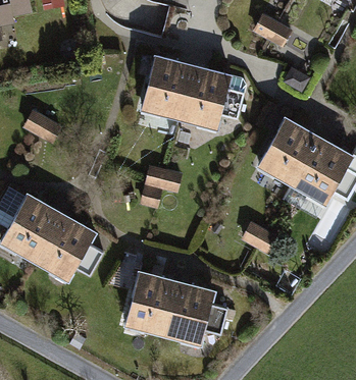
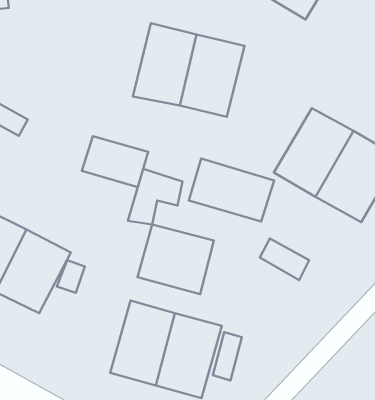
building: none -> [82,136,148,187]
building: none -> [189,159,274,221]
building: none -> [137,225,214,294]

